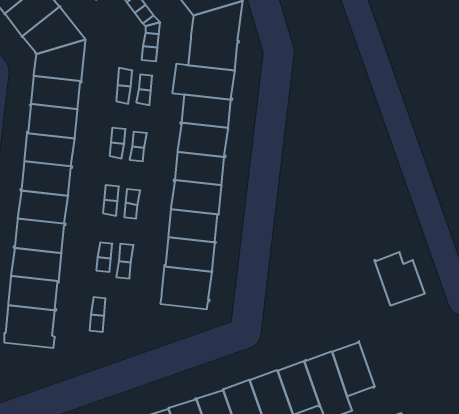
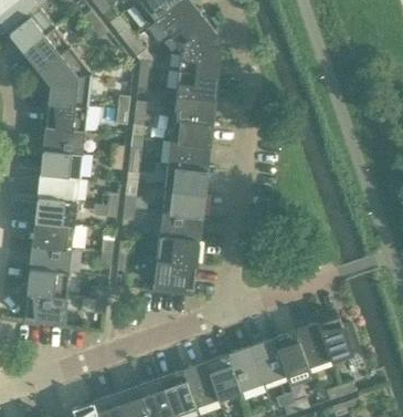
building: [374,252,425,305] -> [316,316,358,361]

